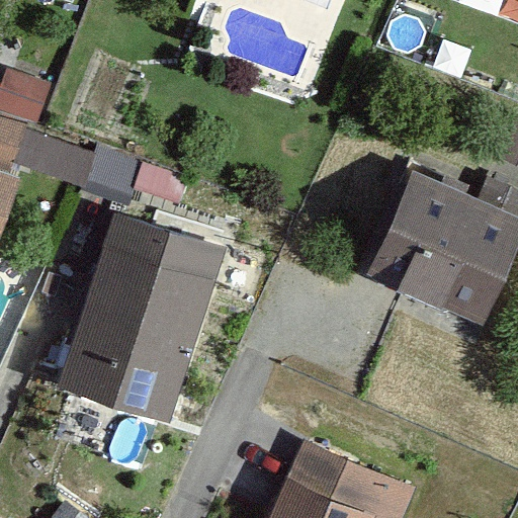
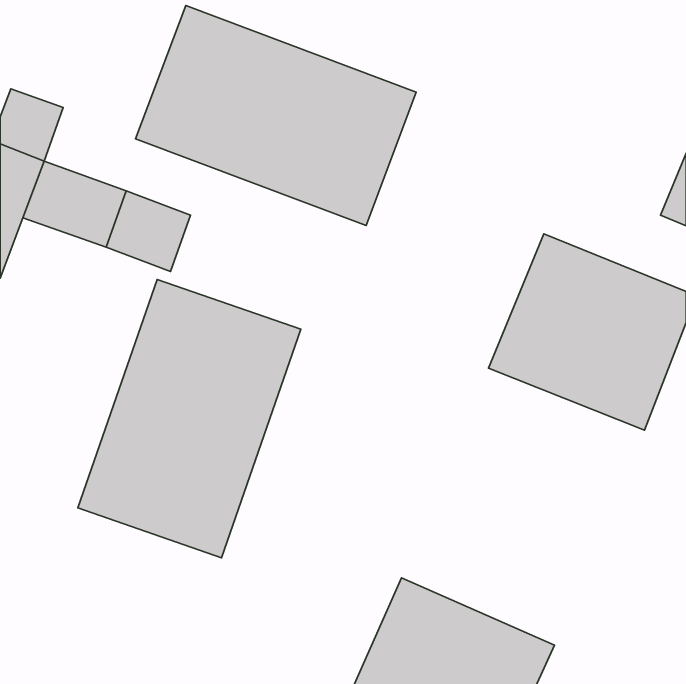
building: none -> [136,6,416,225]

